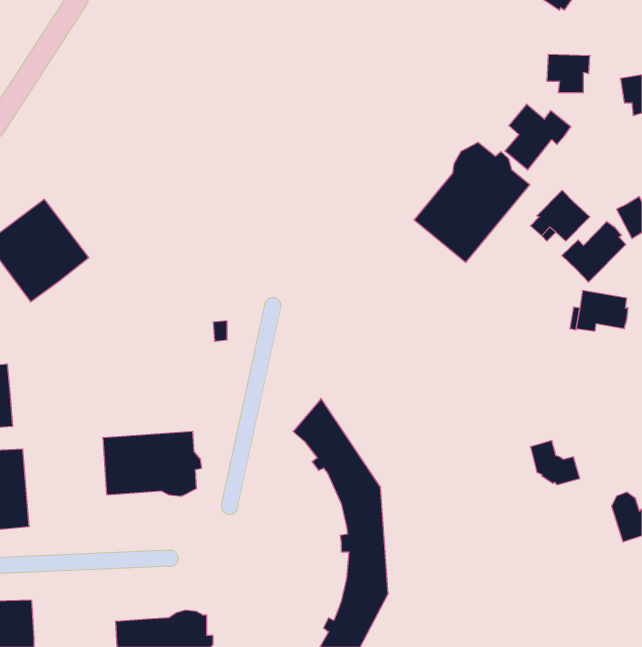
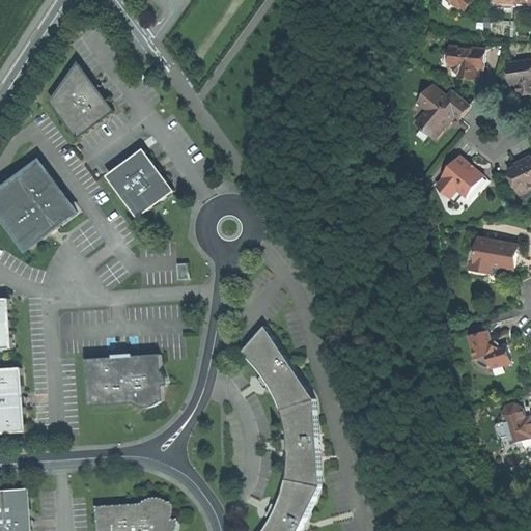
building: none -> [49,63,111,137]
building: [414,142,530,262] -> none
building: none -> [106,149,172,216]
building: [562,221,626,282] -> none
building: [530,440,580,485] -> [467,331,507,367]

